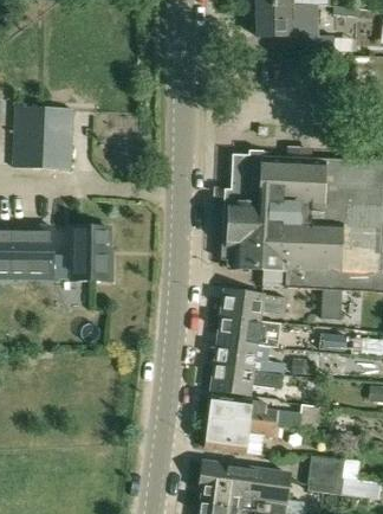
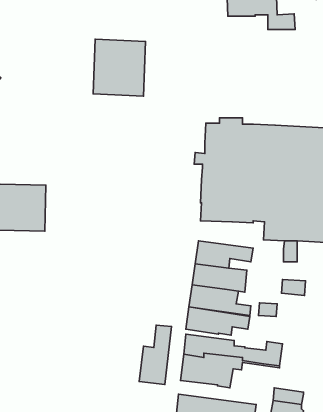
building: [13,105,72,169] -> [93,39,146,96]
building: [71,225,109,280] -> none
building: none -> [139,325,171,384]

